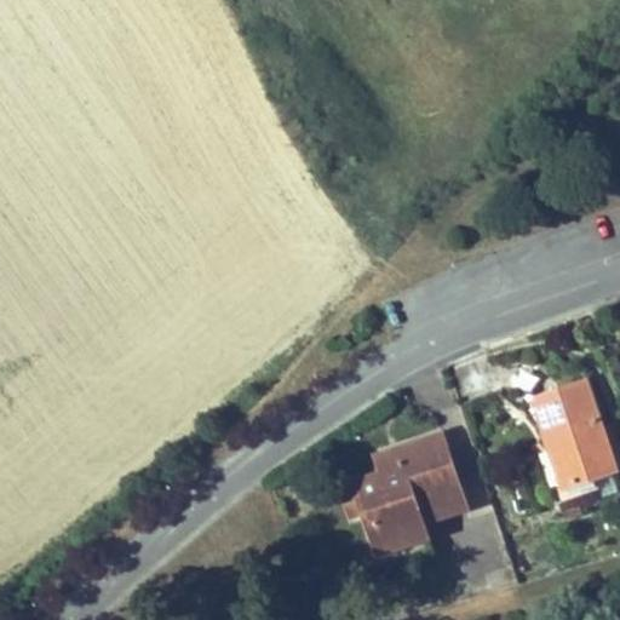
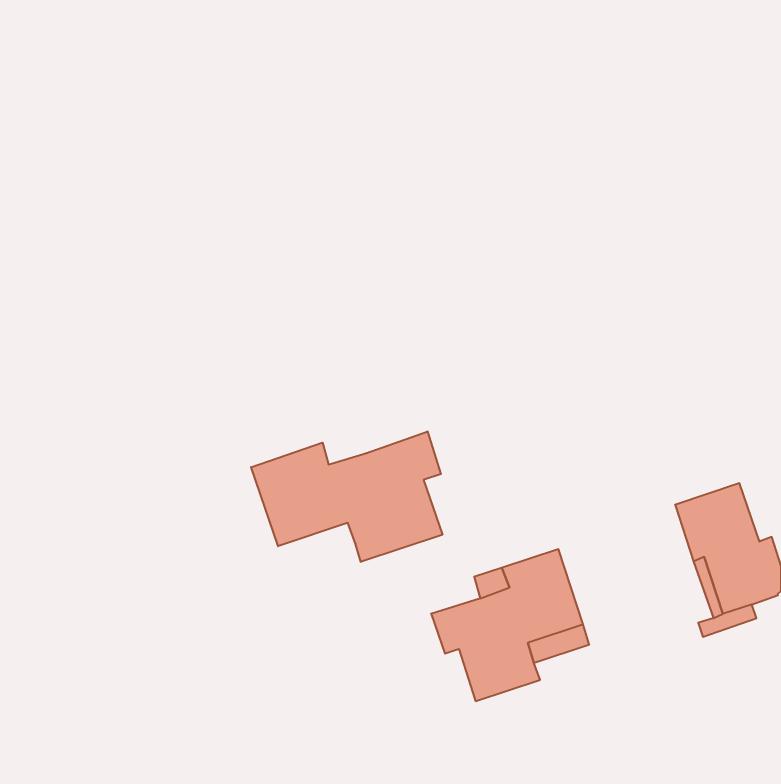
building: none -> [251,431,442,562]

